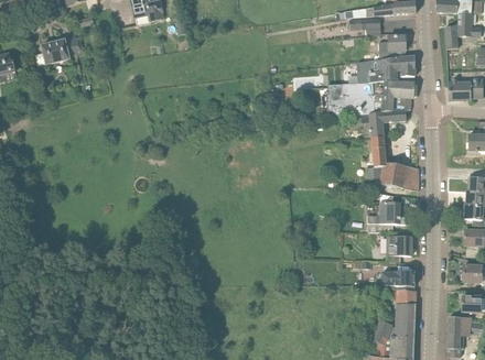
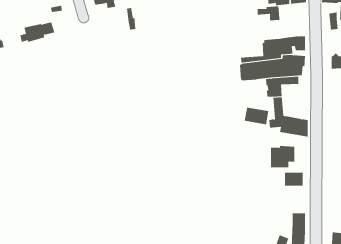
building: [378,35,406,59] -> none
building: none -> [244,107,269,125]
building: [381,272,413,291] -> none

